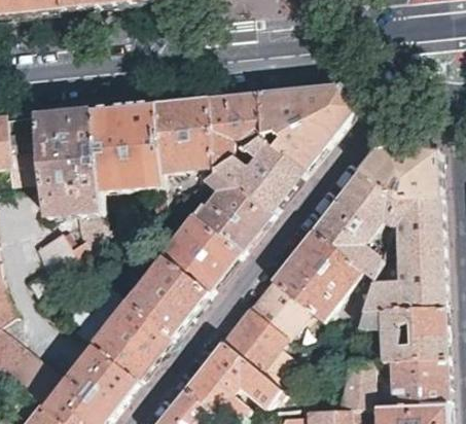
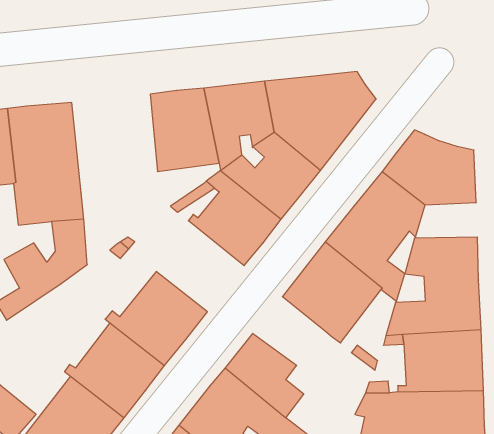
building: [92,101,168,186] -> none
building: [388,195,442,225] -> none
building: [160,210,241,289] -> none
building: [248,276,310,335] -> none

